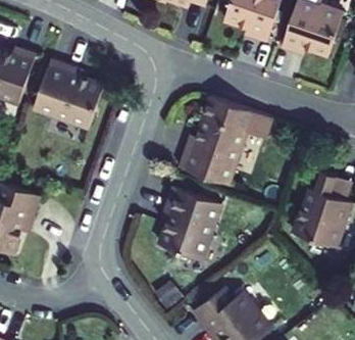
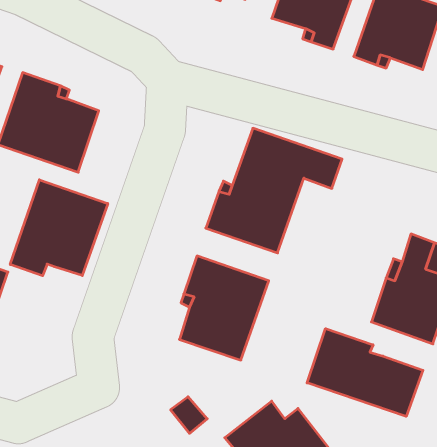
building: none -> [10,180,108,276]
building: none -> [307,329,423,416]

